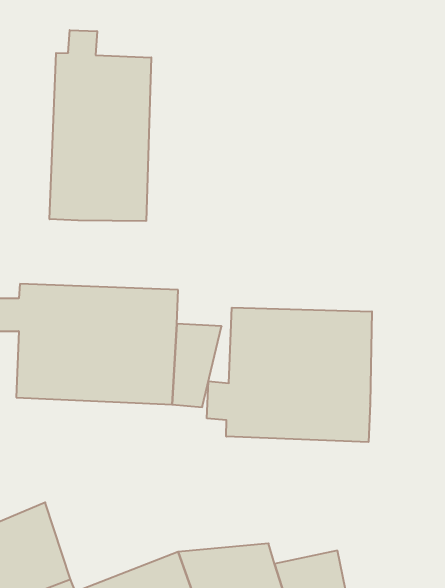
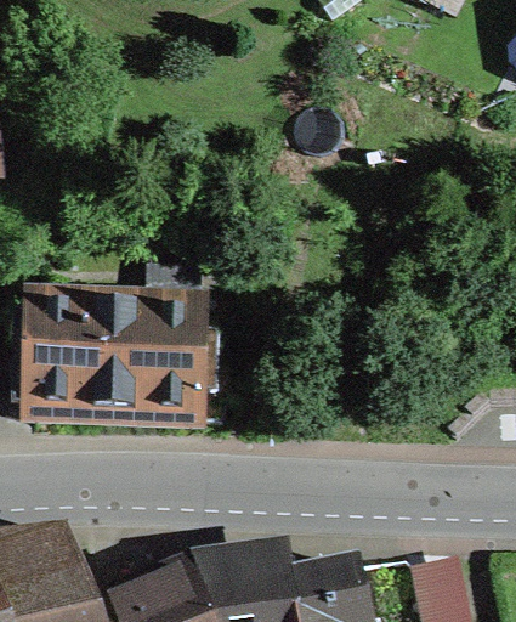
building: [50,30,151,221] -> none
building: [207,308,372,442] -> none

